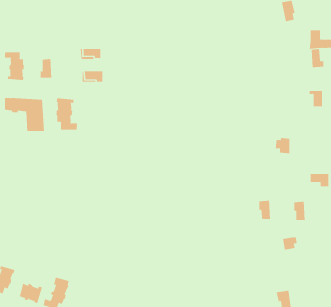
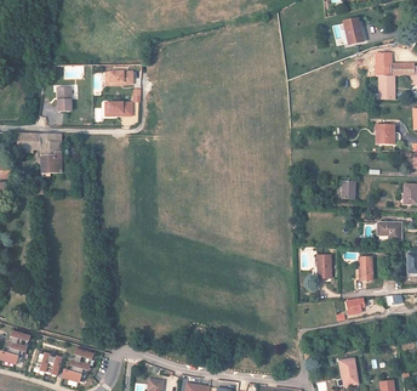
building: [4,51,25,81] -> none
building: [56,97,77,130] -> none

